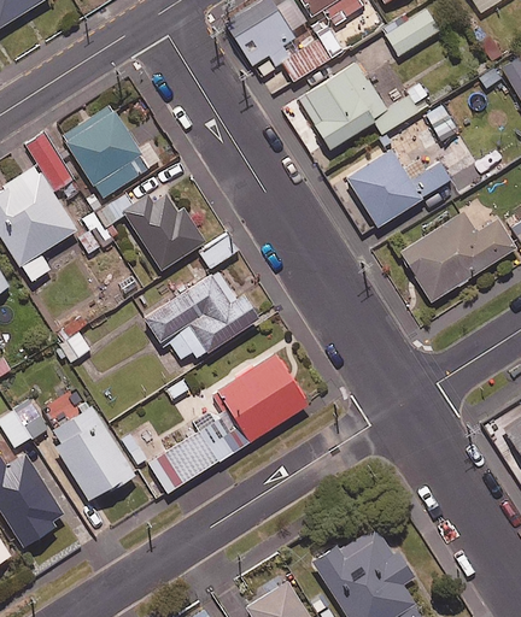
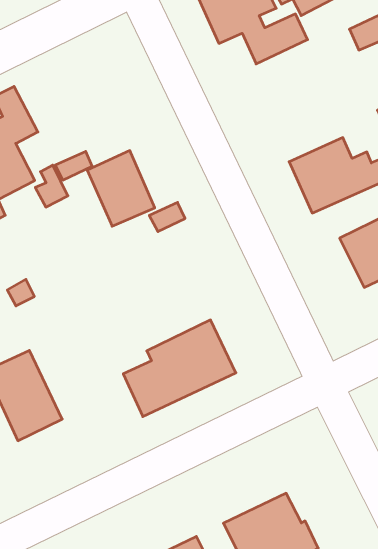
building: [298,61,418,148] -> none
building: [60,105,159,198] -> none
building: [145,271,258,363] -> none
building: [146,431,216,494] -> none

